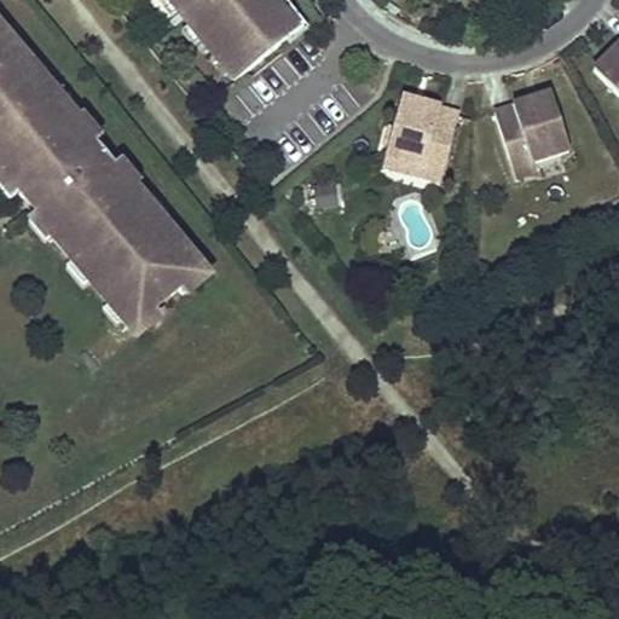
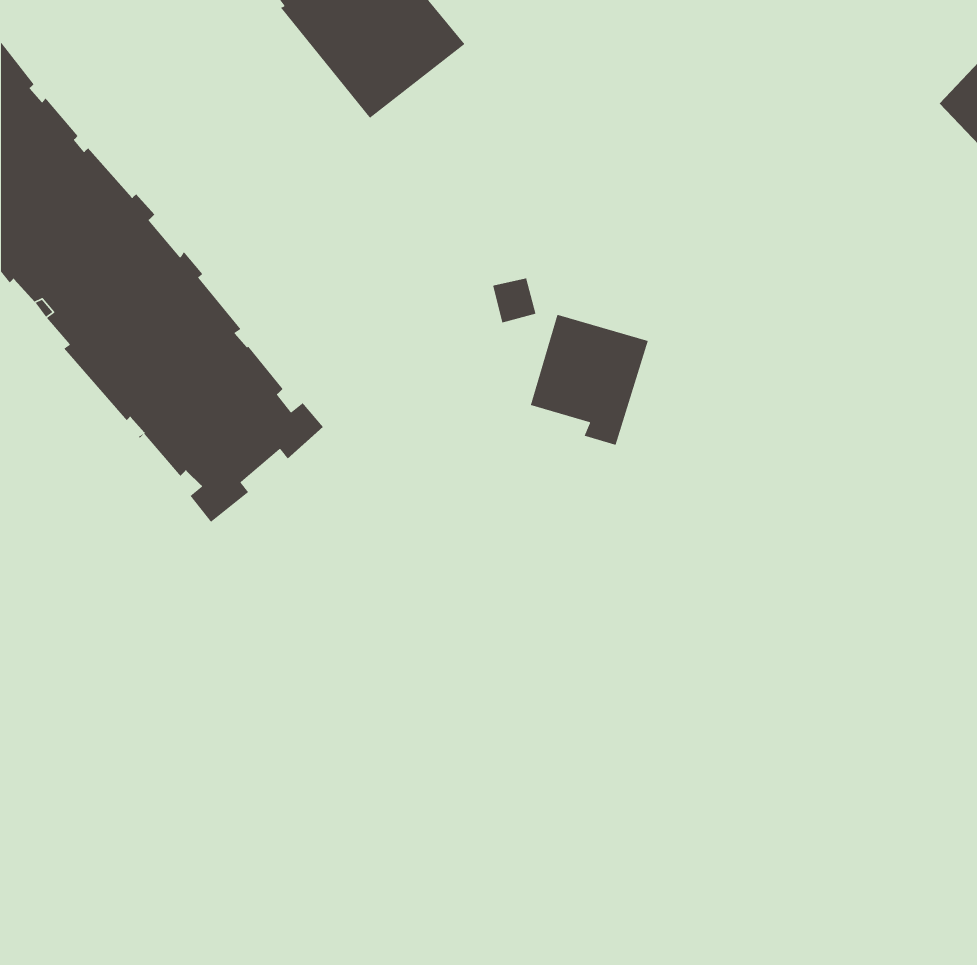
building: [496,88,569,173] -> none
building: [383,92,458,175] -> [530,314,649,446]

